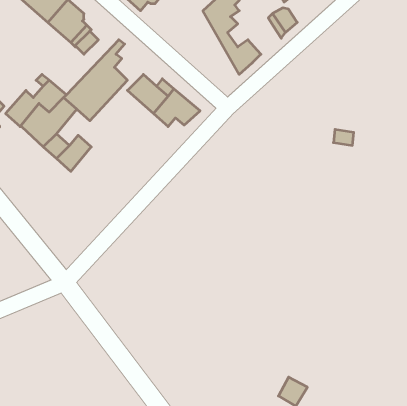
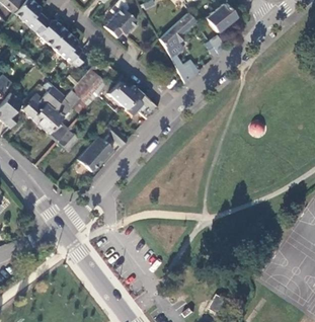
building: none -> [77,123,127,171]

